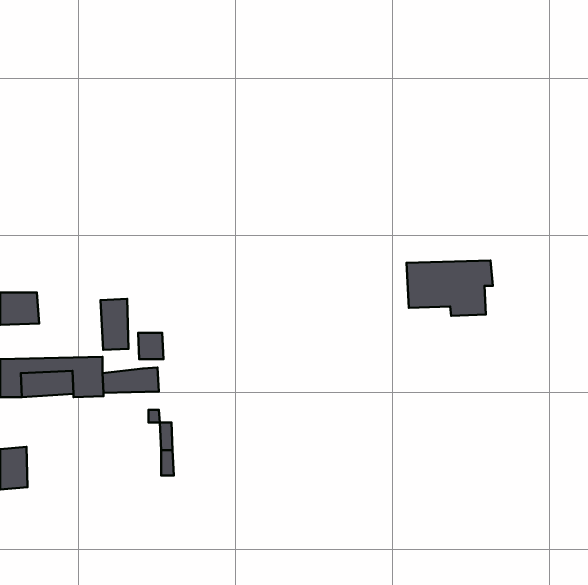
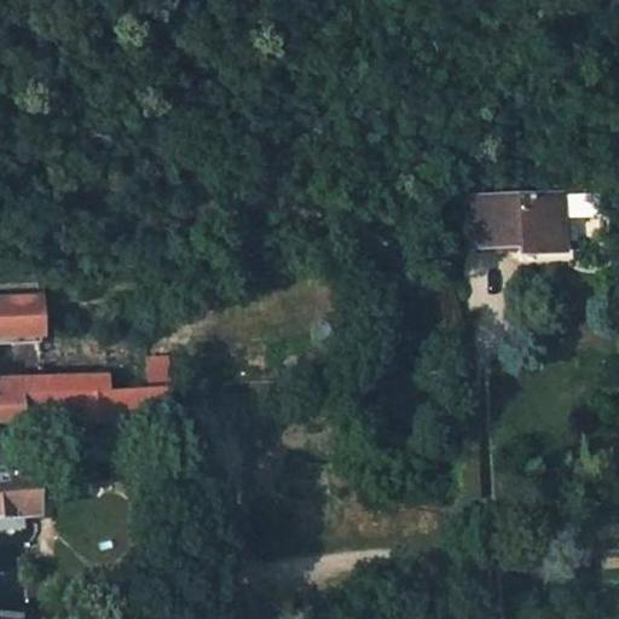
building: [406,261,493,316] -> [472,192,562,250]
building: [101,299,128,350] -> none

